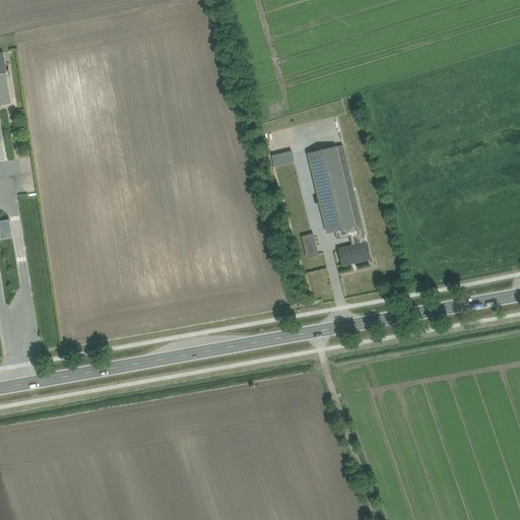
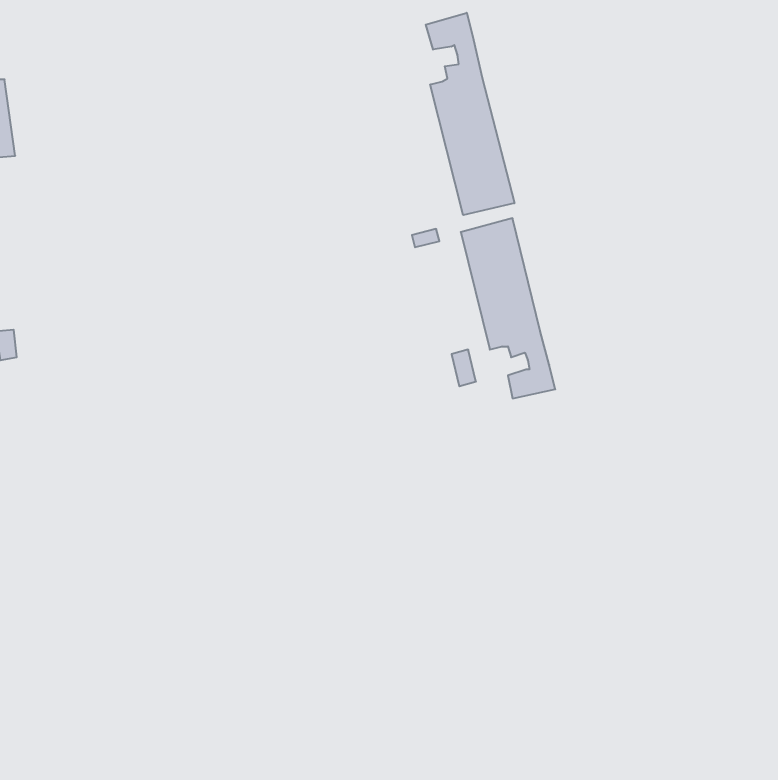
building: none -> [426,13,514,215]

